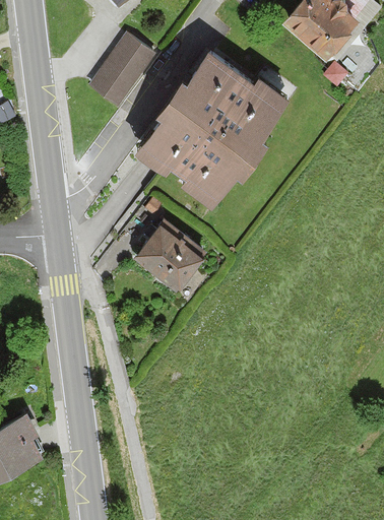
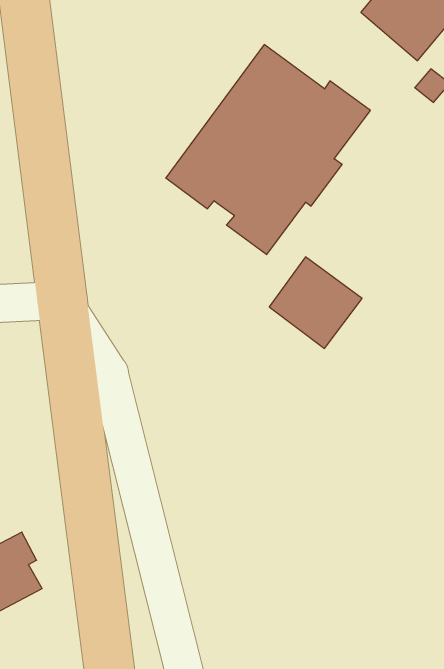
building: [88,37,154,110] -> none
building: [135,222,205,291] -> [269,257,362,348]

